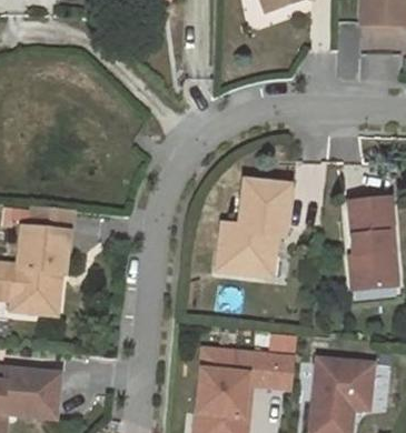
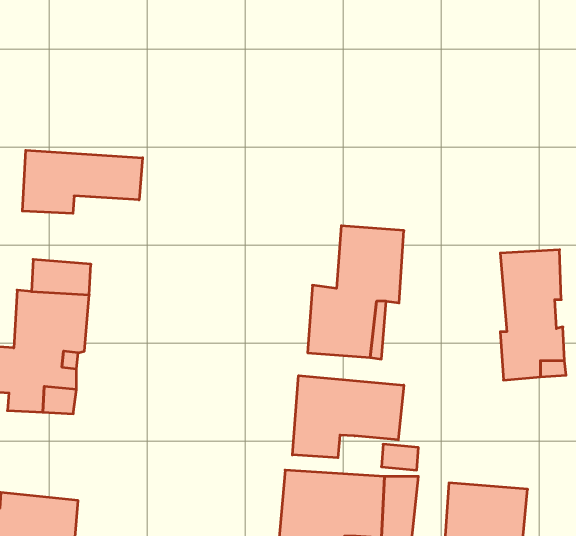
building: none -> [22,150,143,213]
building: none -> [292,376,404,458]

